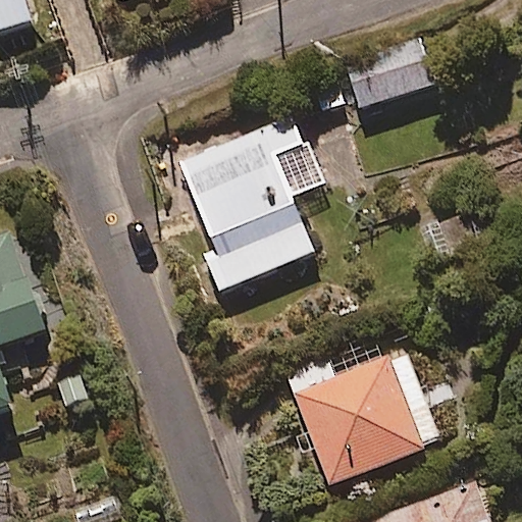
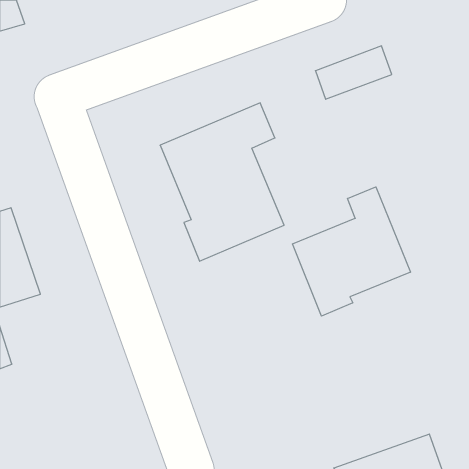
building: none -> [293,187,410,316]
building: [292,350,441,486] -> none

